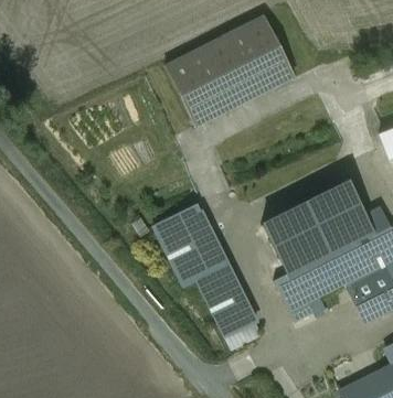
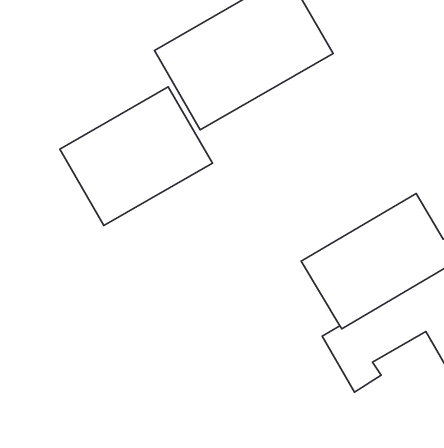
building: none -> [60,87,212,226]
building: [155,203,263,348] -> none

